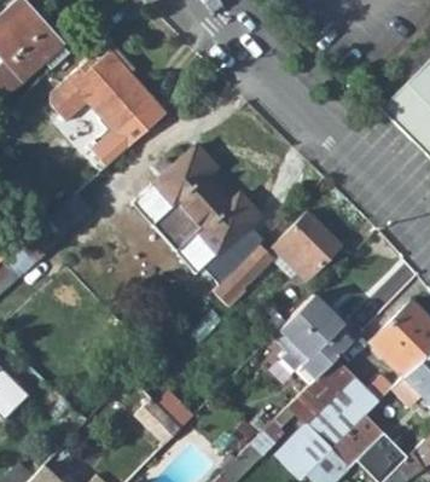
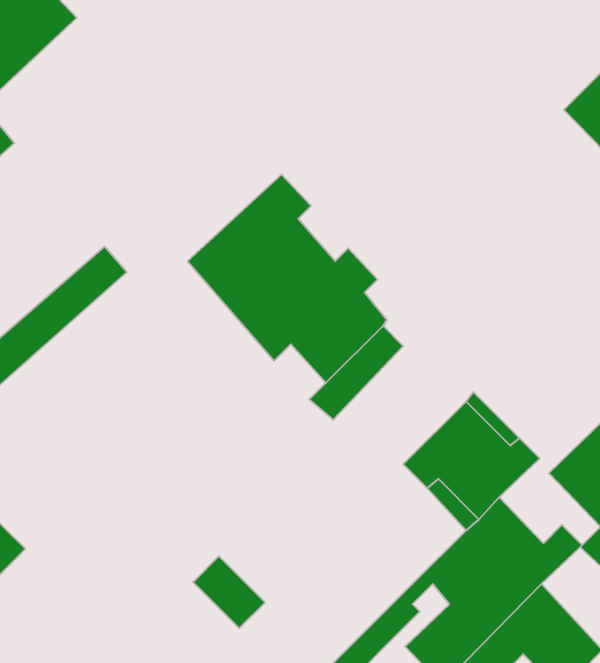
building: [54,51,155,133] -> none
building: [273,213,339,280] -> none

